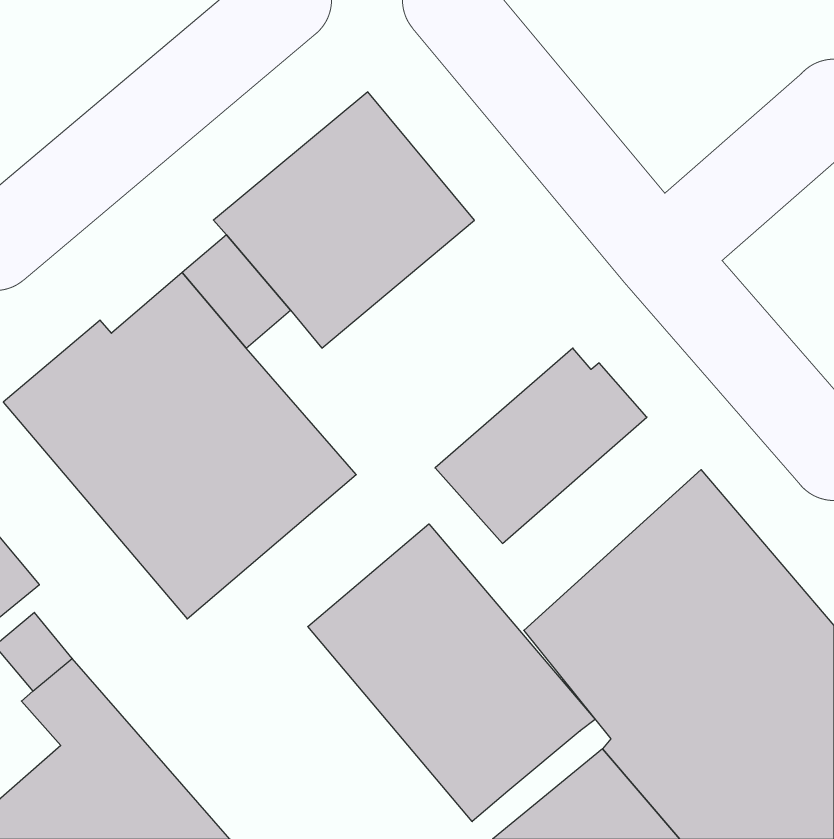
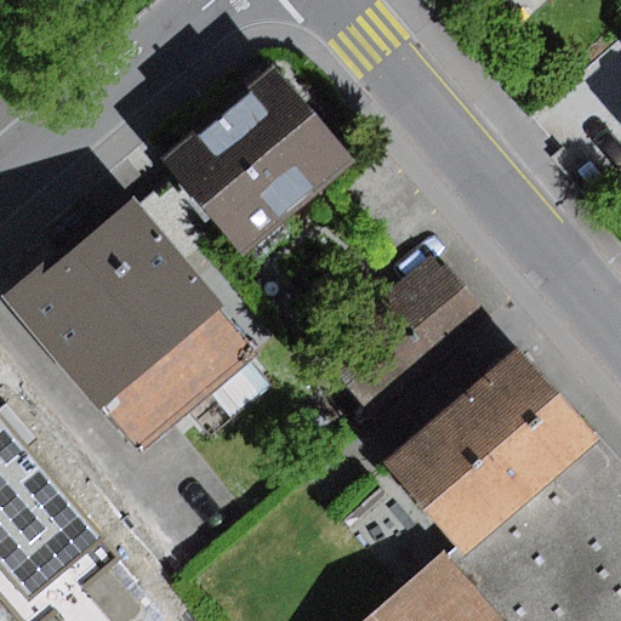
building: [308,524,595,822] -> none

